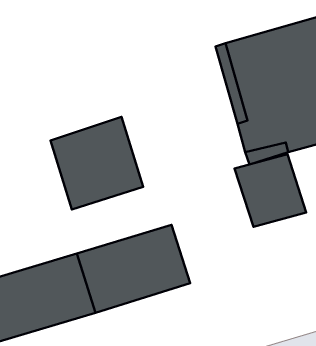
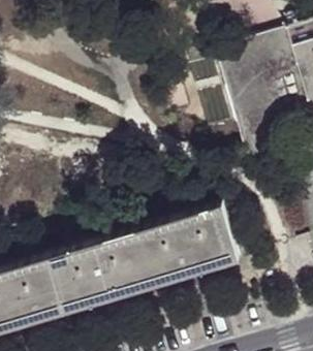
building: [51,117,143,209] -> none
building: [235,154,306,227] -> [170,209,238,277]

